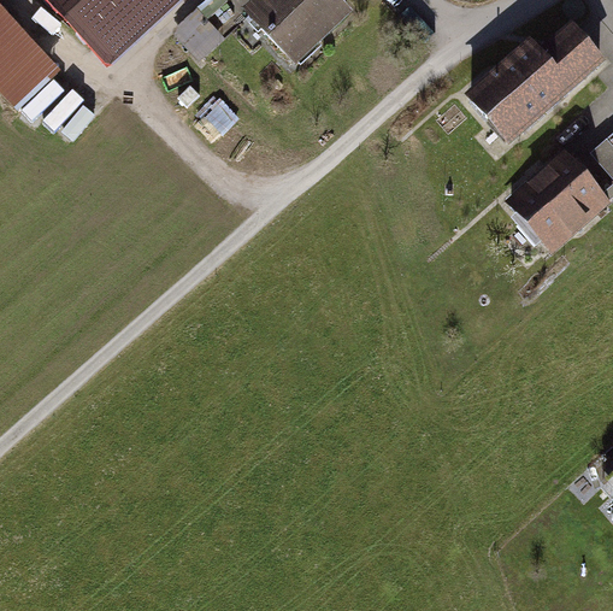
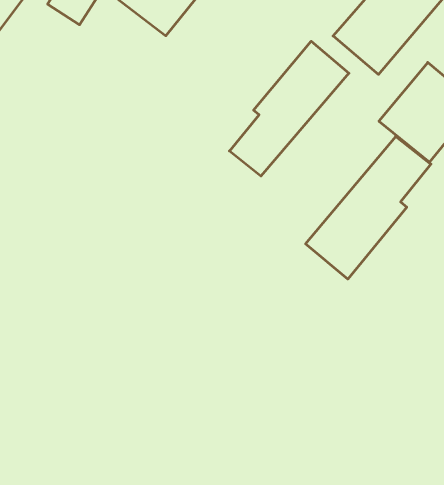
building: none -> [229,41,349,176]
building: none -> [306,136,431,279]

